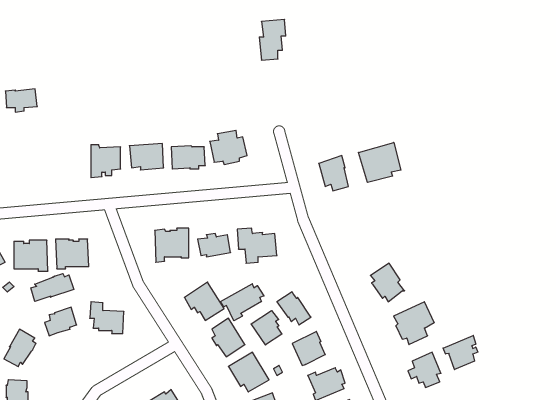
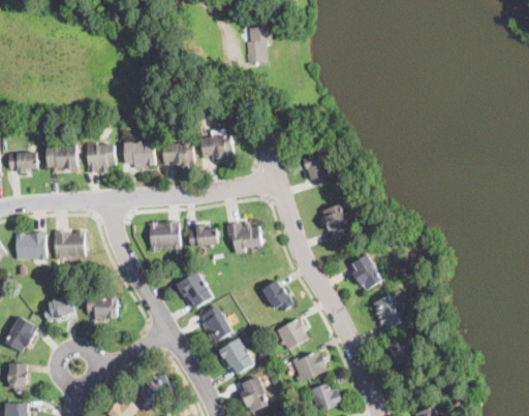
building: [5,89,37,112] -> [8,152,38,173]
building: [358,142,401,182] -> none
building: none -> [46,145,77,170]
building: none -> [320,204,351,238]
building: [31,274,74,301] -> none
building: [220,284,264,321] -> none
building: [251,311,282,345] -> none
building: [443,335,478,370] -> none

